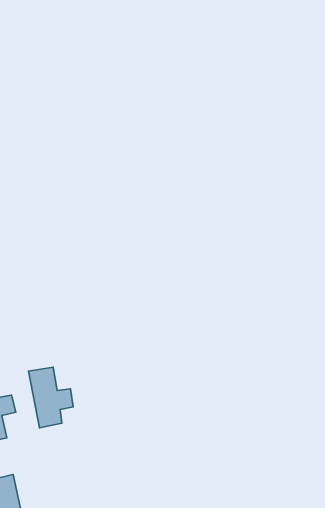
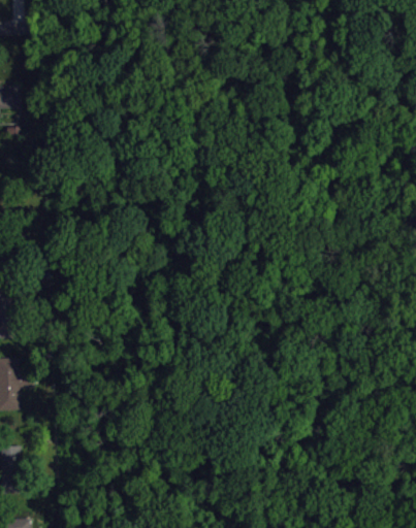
building: [28,367,73,428] -> none

